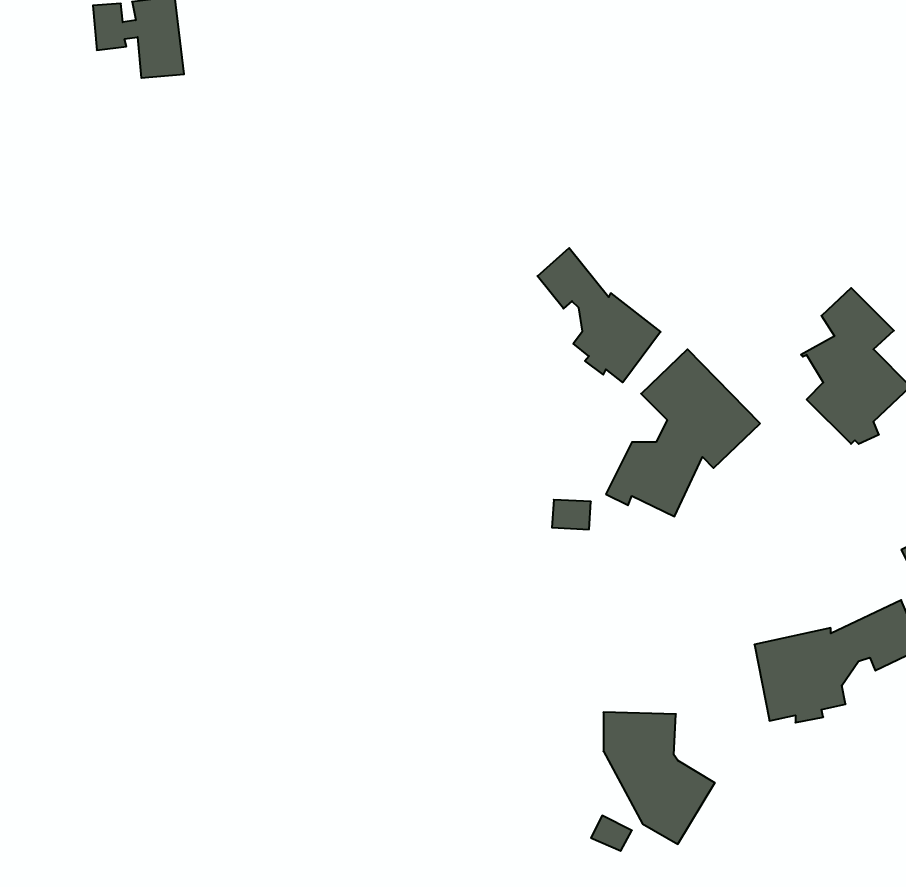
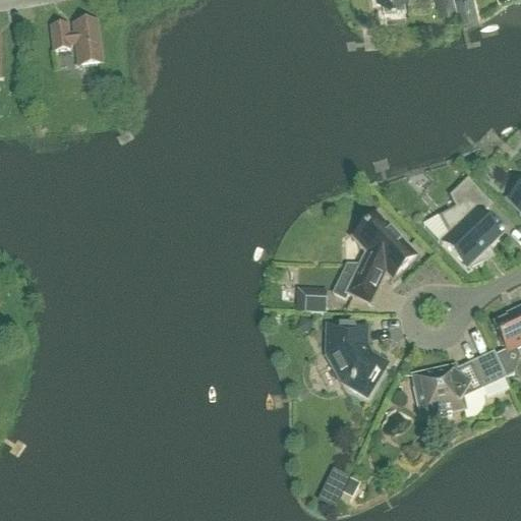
building: [537,248,661,382] -> none
building: [603,712,715,844] -> [327,323,388,395]

